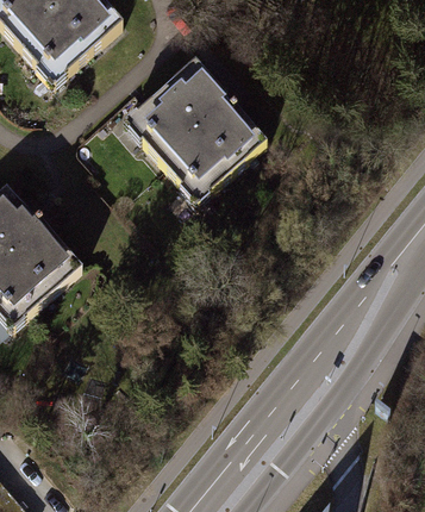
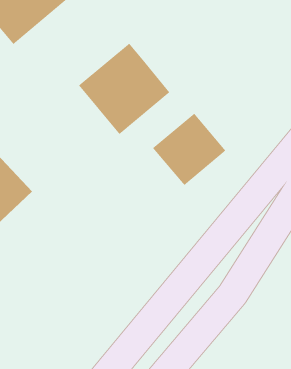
building: none -> [152,113,226,186]

